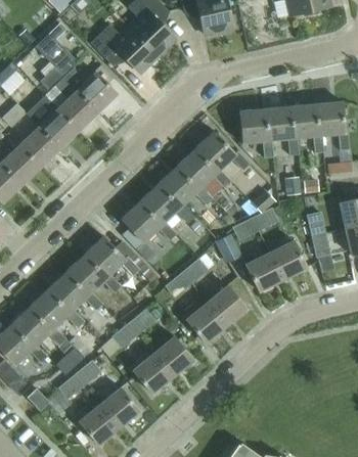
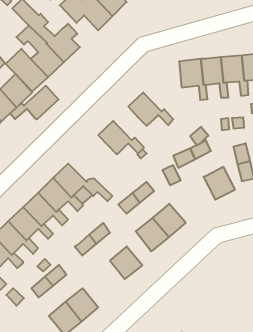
building: [195,130,252,172] -> none
building: none -> [10,86,59,119]
building: [159,166,215,207] -> none
building: [122,200,177,262] -> none
building: [245,252,283,291] -> none
building: [134,354,173,394] -> none

